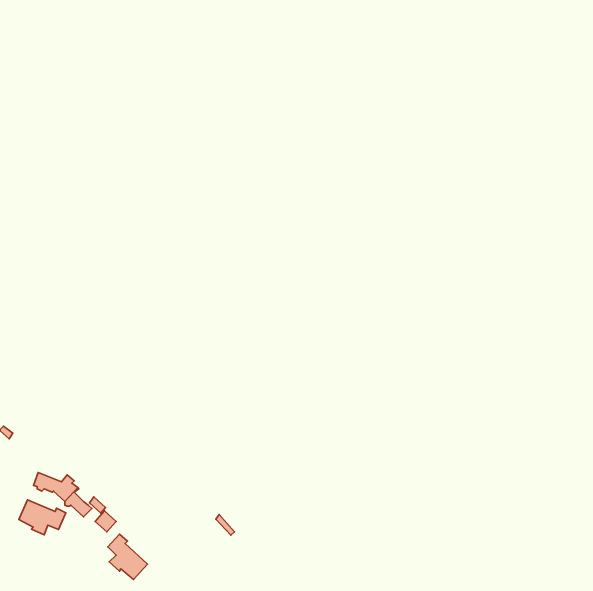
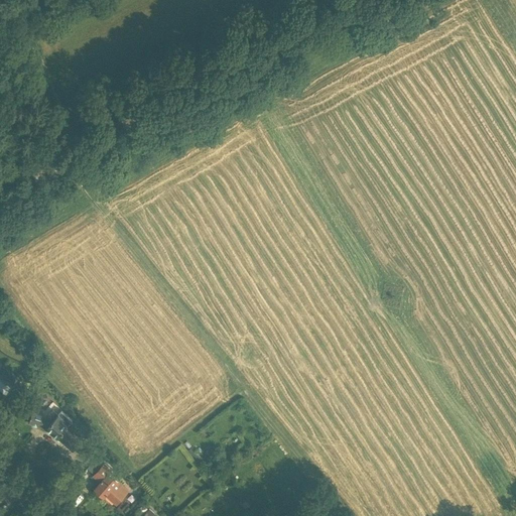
building: [19,500,66,535] -> none

